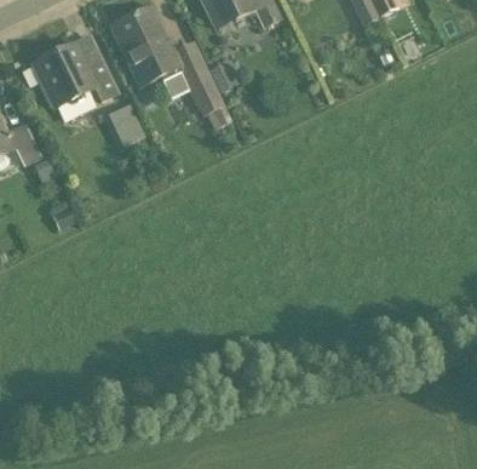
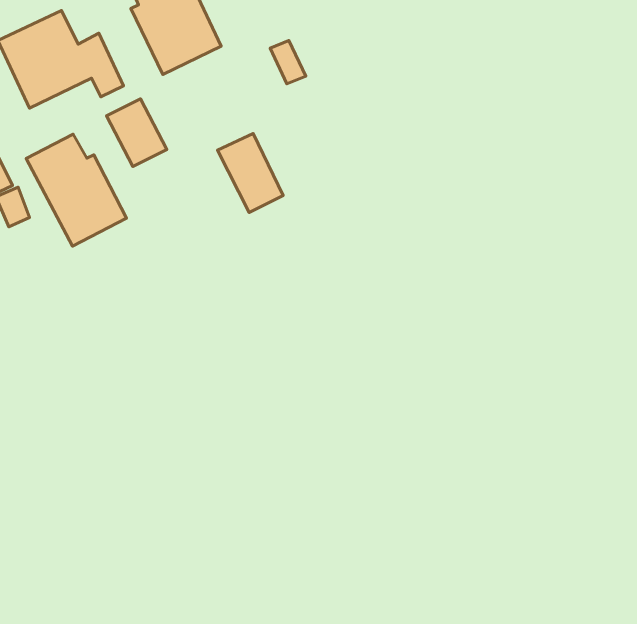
building: [182,62,224,113] -> [217,133,283,212]
building: none -> [26,134,127,246]

